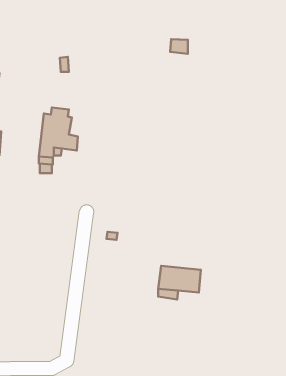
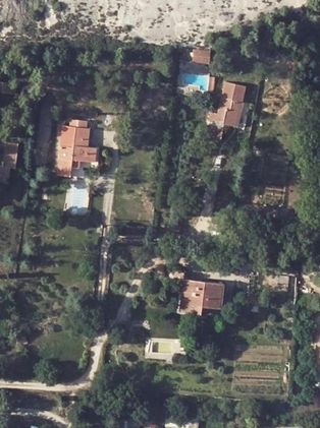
building: none -> [205,81,246,140]

